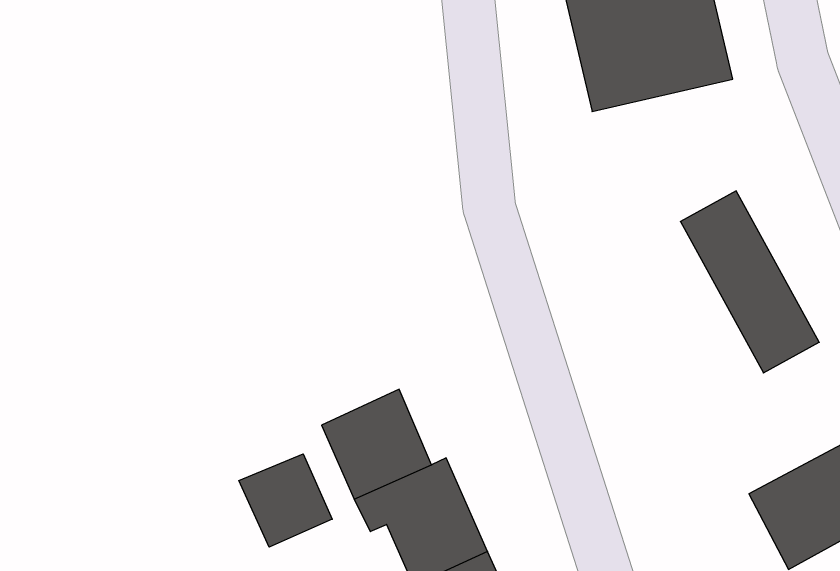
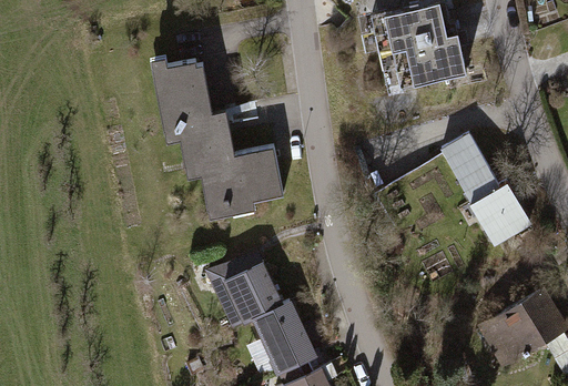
building: none -> [149,58,288,220]
building: [239,454,332,547] -> none

